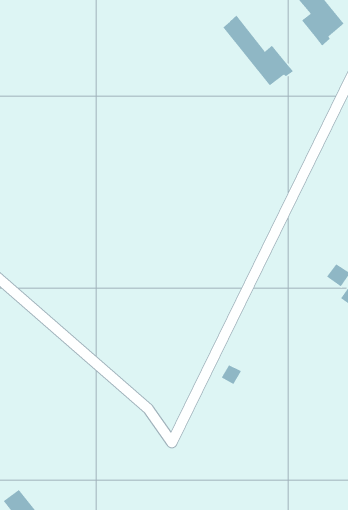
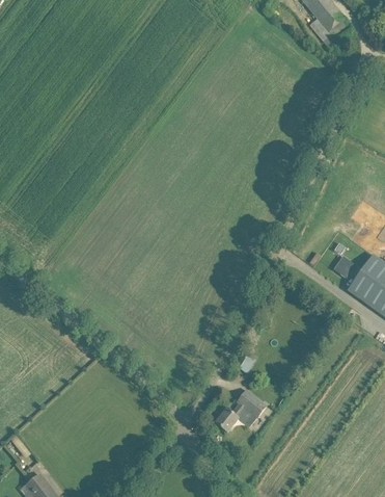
building: [223,15,294,86] -> none
building: none -> [214,390,265,433]

